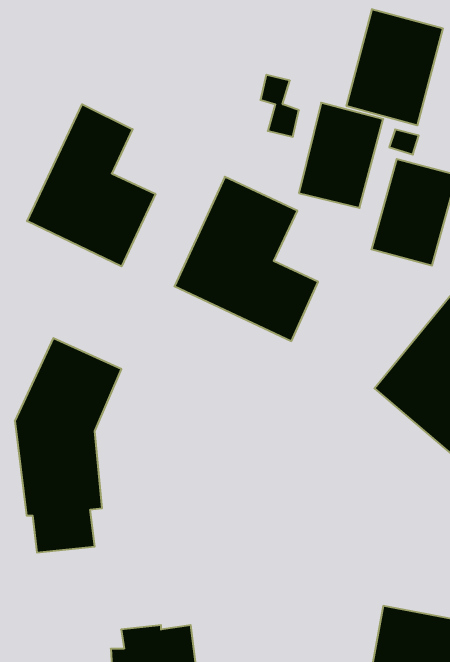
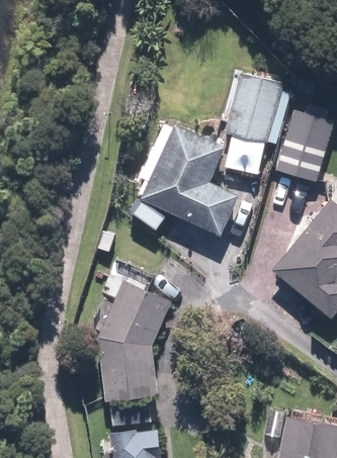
building: [347,9,443,125] -> none
building: [27,104,155,266] -> none
building: [15,338,121,553] -> [96,280,169,427]

